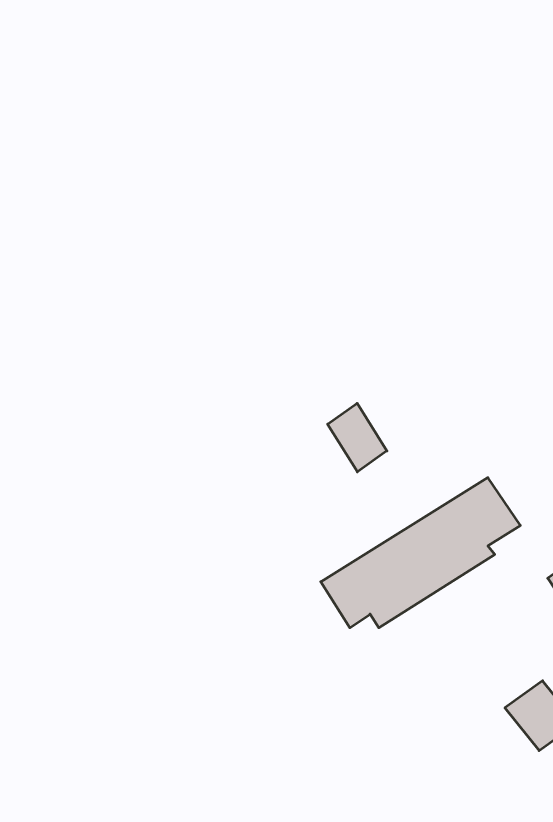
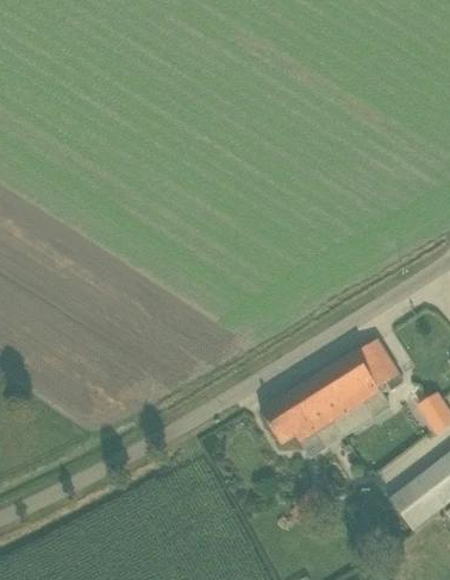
building: [328,403,387,472] -> none

